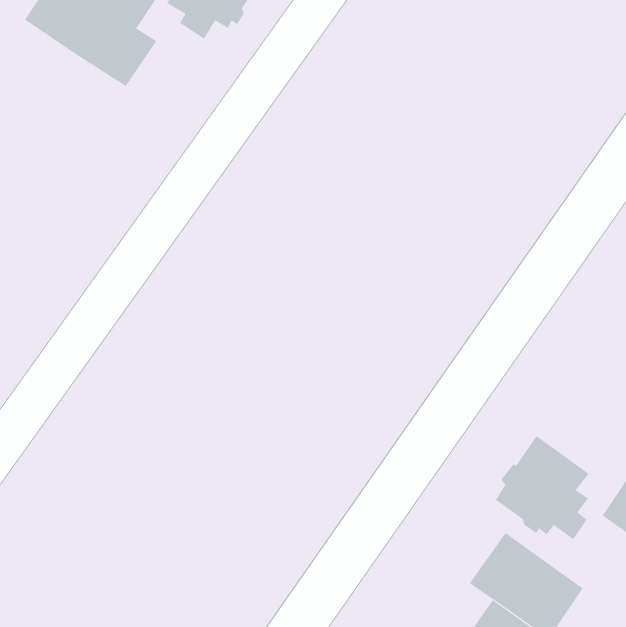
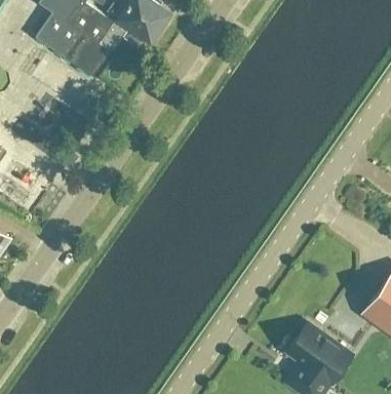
building: [495,435,590,540] -> none

